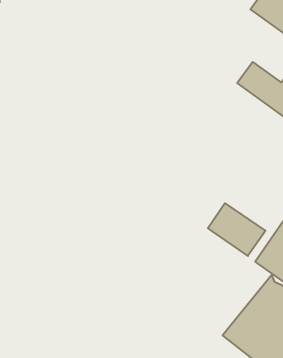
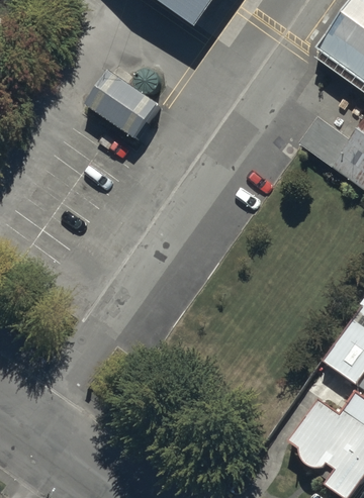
building: none -> [86,71,160,139]
building: [208,203,265,256] -> none

